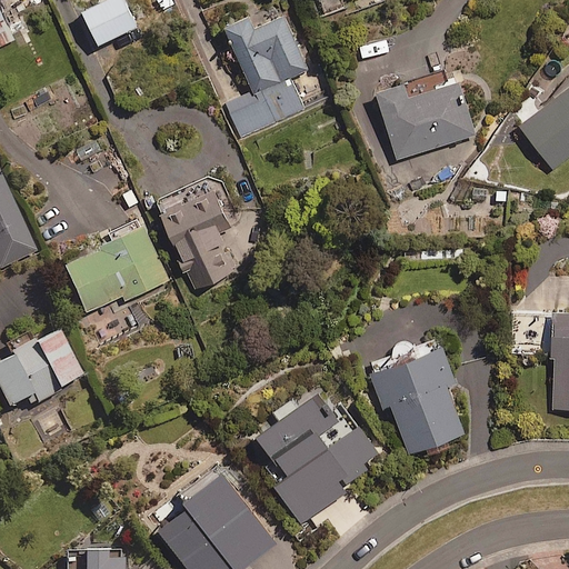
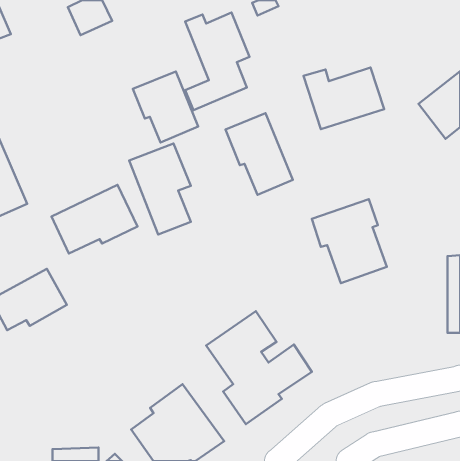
building: none -> [133,71,198,142]
building: none -> [225,113,293,195]
building: [373,350,466,453] -> [312,199,387,283]

